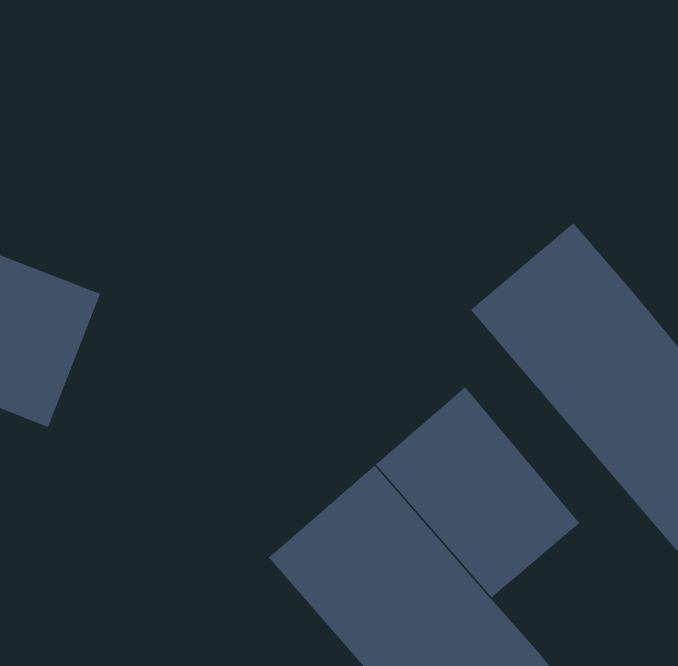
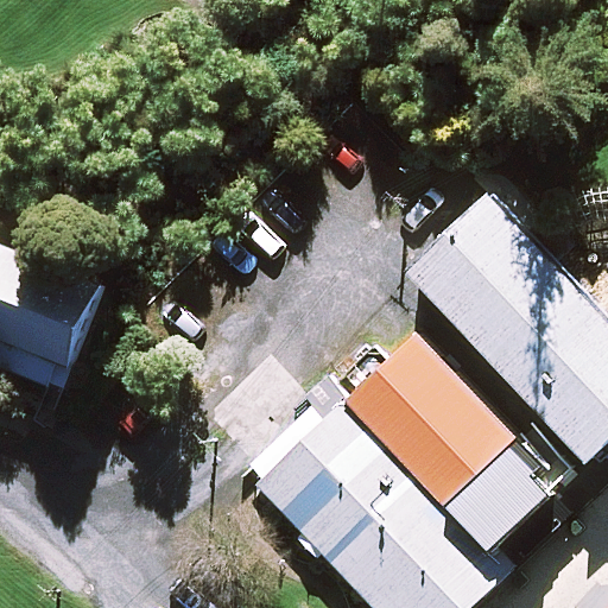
building: none -> [442,451,547,556]

